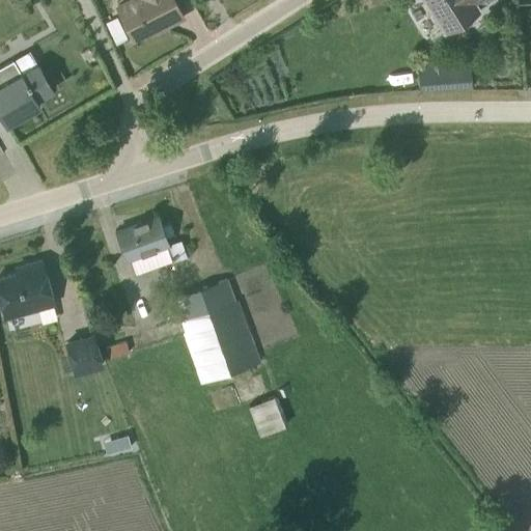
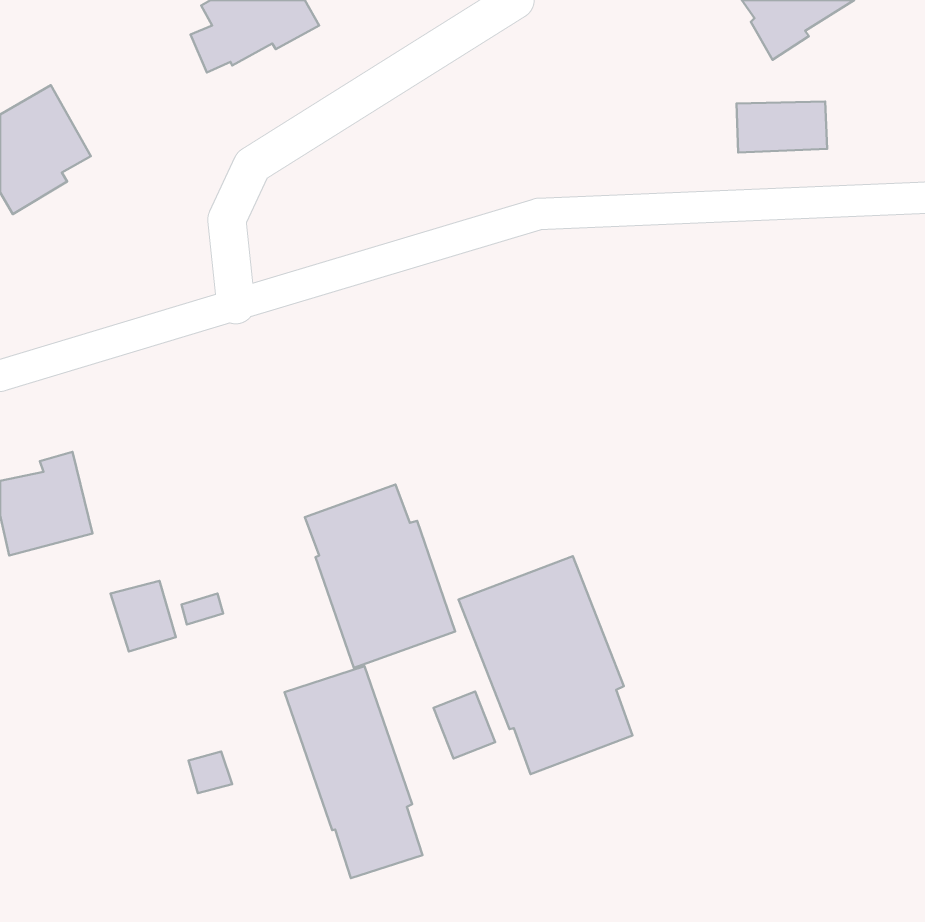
building: [117,218,187,276] -> none
building: none -> [459,556,633,774]
building: none -> [285,666,422,878]

